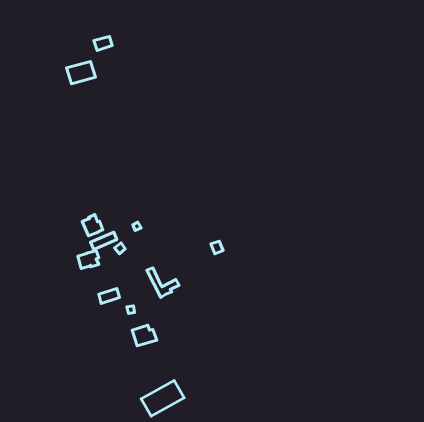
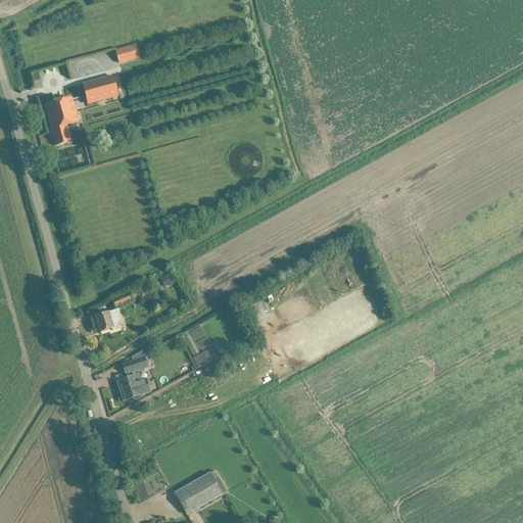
building: none -> [44,96,79,145]
building: [82,215,103,236] -> none
building: [132,325,157,346] -> [120,373,150,398]

